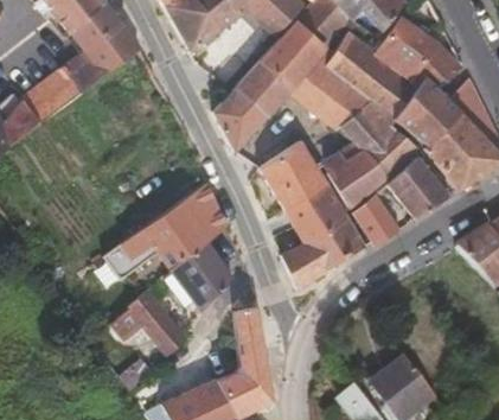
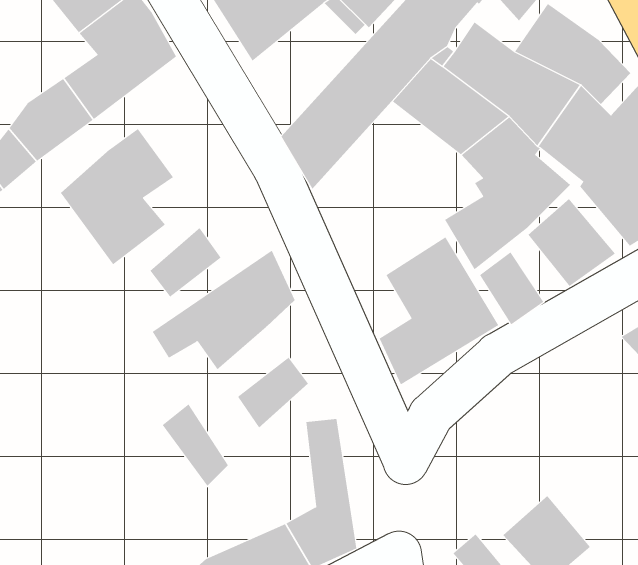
building: none -> [60,128,174,265]
building: [263,136,331,206] -> none
building: [168,243,219,293] -> [150,227,221,297]

